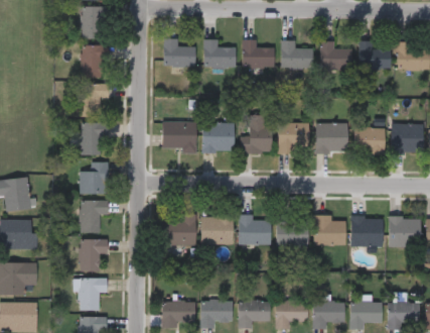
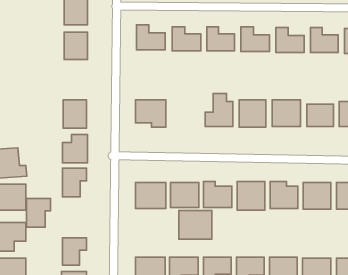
building: [82,84,109,116] -> none
building: [202,122,235,151] -> none
building: [80,239,107,271] -> [26,199,51,227]
building: none -> [179,210,212,239]

